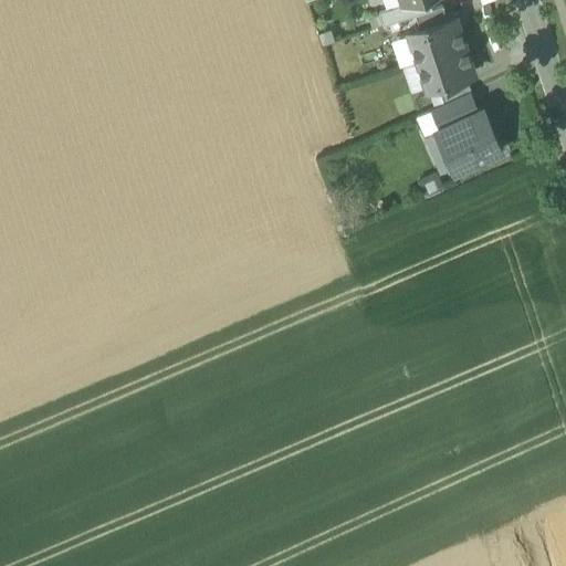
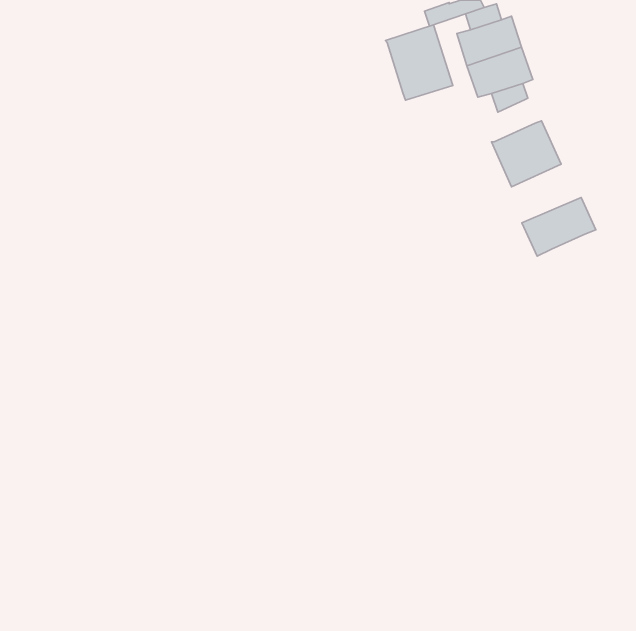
building: none -> [385,25,453,100]
building: [430,93,475,130] -> none
building: none -> [522,197,596,256]

